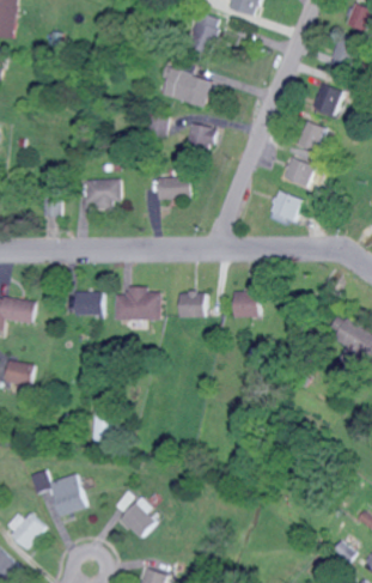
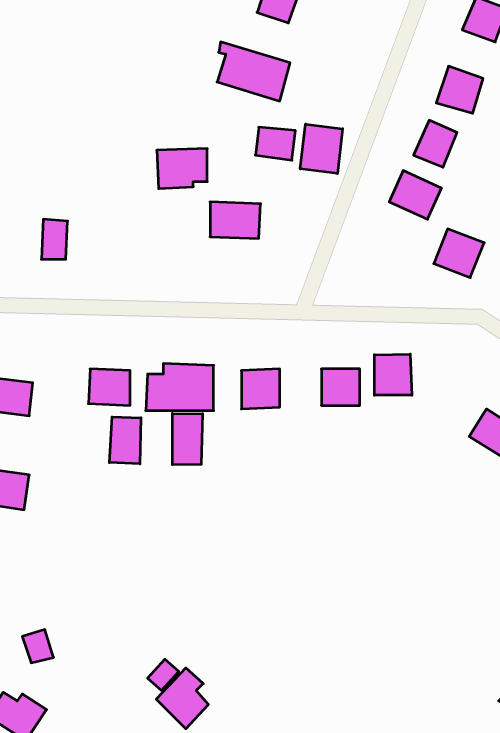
building: none -> [300,124,343,174]
building: [84,178,118,206] -> [157,149,207,189]
building: [268,189,303,223] -> [434,229,484,278]
building: none -> [374,354,412,395]
building: none -> [172,413,203,465]
building: none -> [109,417,141,464]
building: [49,474,85,516] -> none

